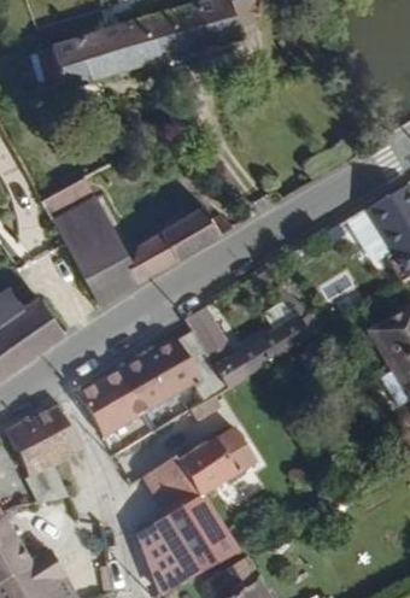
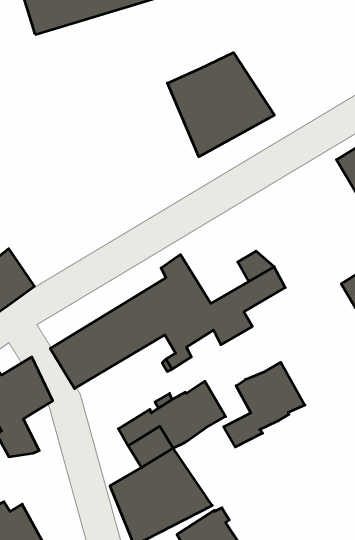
building: none -> [167,53,274,157]
building: [41,175,233,303] -> none
building: none -> [224,362,305,447]

